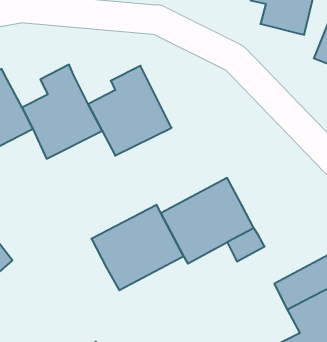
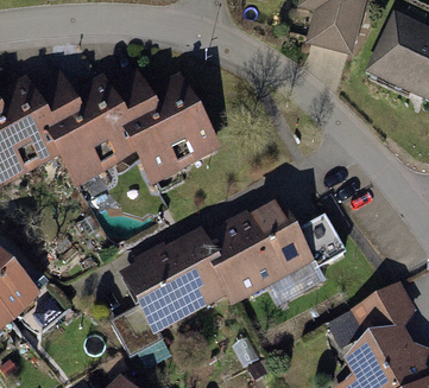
building: none -> [105,72,151,121]
building: none -> [29,75,76,125]
building: none -> [292,217,341,266]
building: none -> [112,303,160,351]

